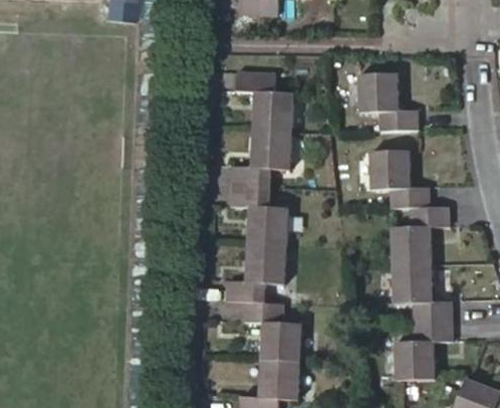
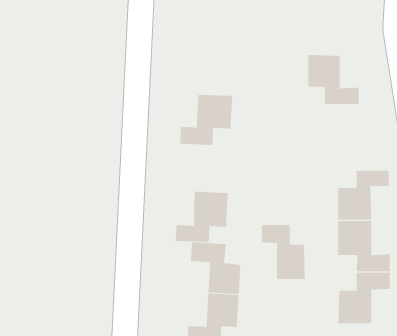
building: [233,75,289,132] -> none
building: [381,162,440,215] -> none
building: [228,185,285,239] -> none
building: none -> [262,224,305,280]

